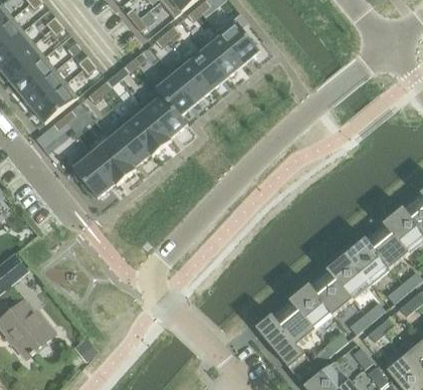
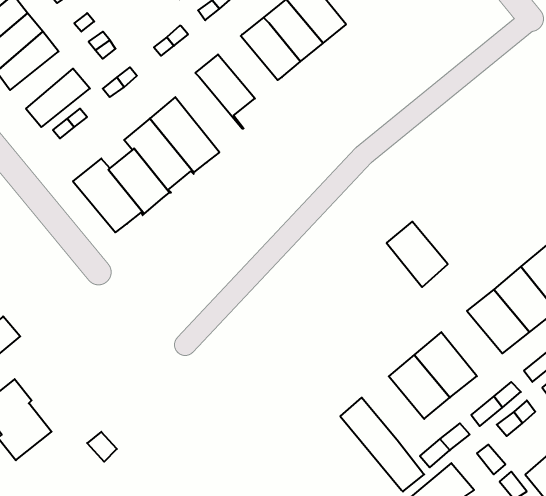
building: [166,53,211,103] -> none
building: [22,69,66,110] -> none
building: [139,87,186,141] -> none
building: [327,252,370,299] -> [387,222,448,287]
building: [270,299,314,344] -> none

